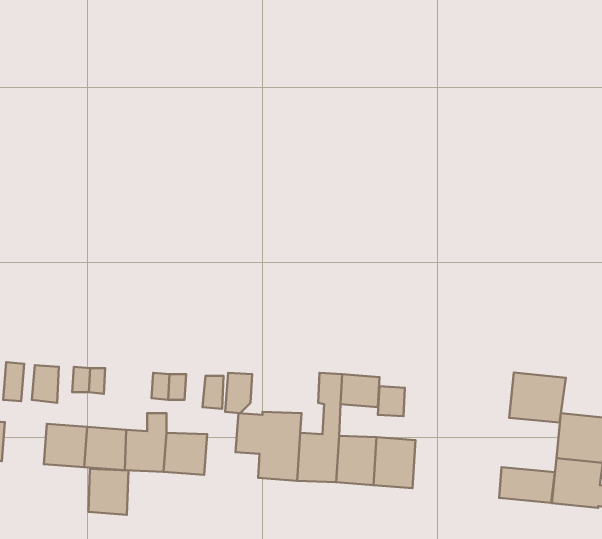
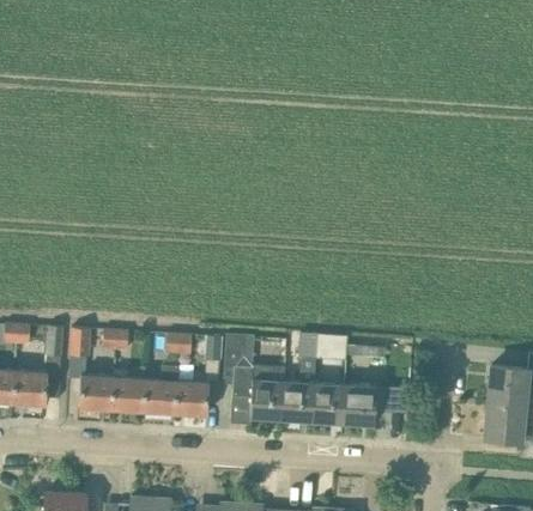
building: [509,372,566,423] -> none
building: [499,467,555,503] -> none
building: [88,469,129,515] -> none

